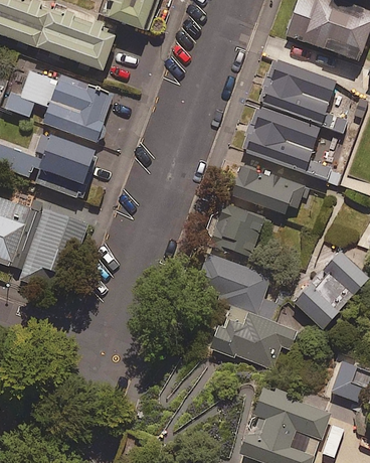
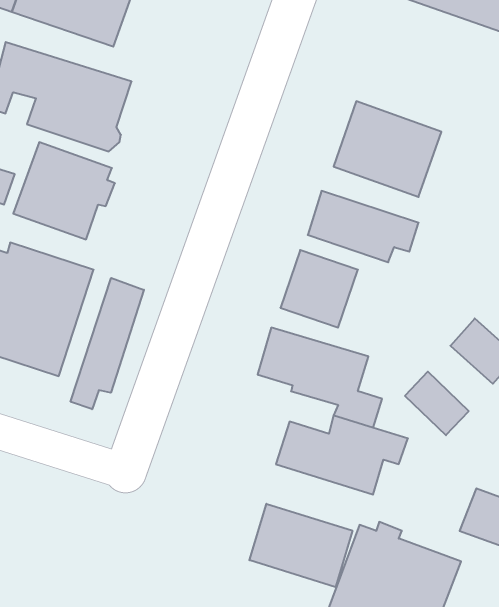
building: [260,60,346,132] -> none
building: none -> [71,278,144,409]
building: none -> [249,504,352,587]

